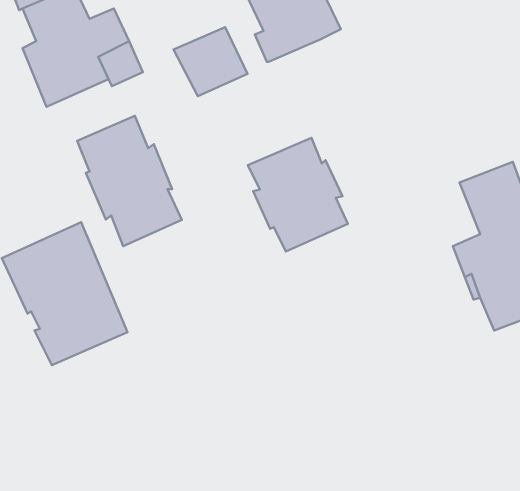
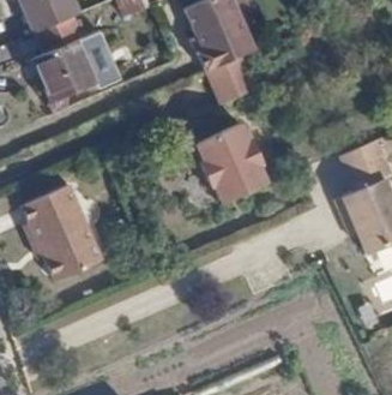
building: [174,27,248,96] -> [206,55,258,103]
building: [77,116,182,246] -> none

